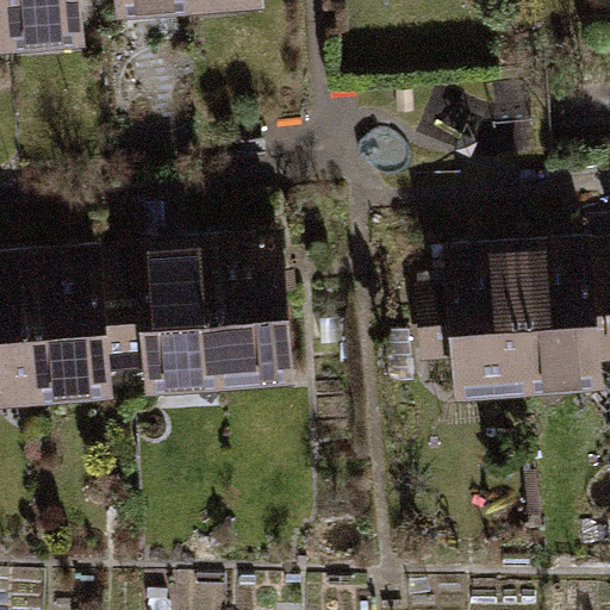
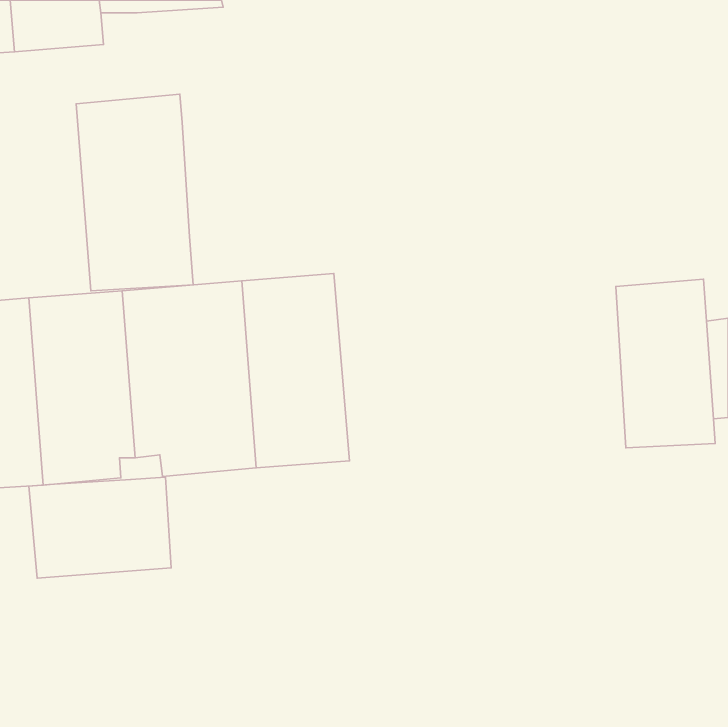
building: none -> [76,94,193,291]
building: [417,244,518,381] -> none
building: none -> [29,477,171,578]

